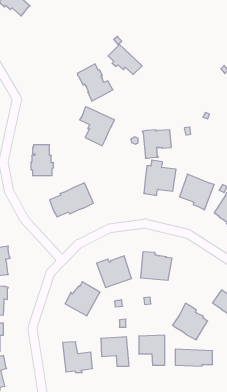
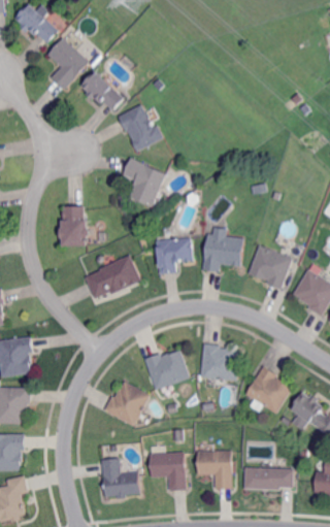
building: none -> [46,37,89,89]
building: [108,45,142,75] -> [79,71,123,109]
building: [142,130,171,158] -> [155,238,192,274]
building: [173,303,208,340] -> [245,366,290,413]

